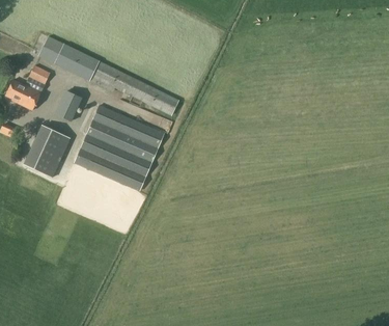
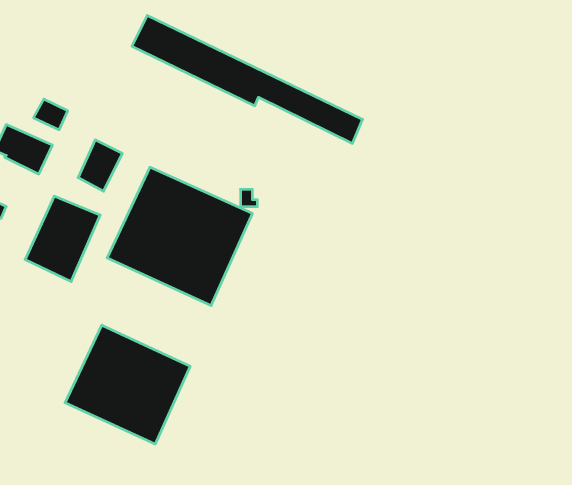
building: [37,36,177,114] -> [132,15,363,143]
building: none -> [65,325,190,444]

